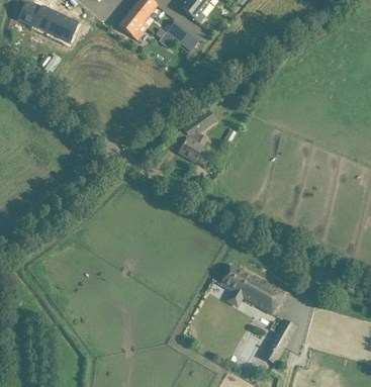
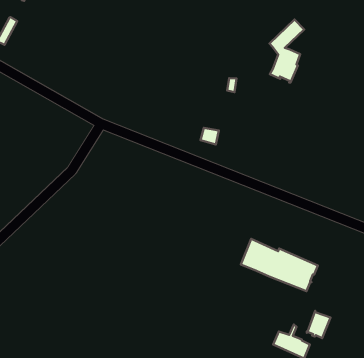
building: [179,109,212,161] -> [270,20,304,83]

